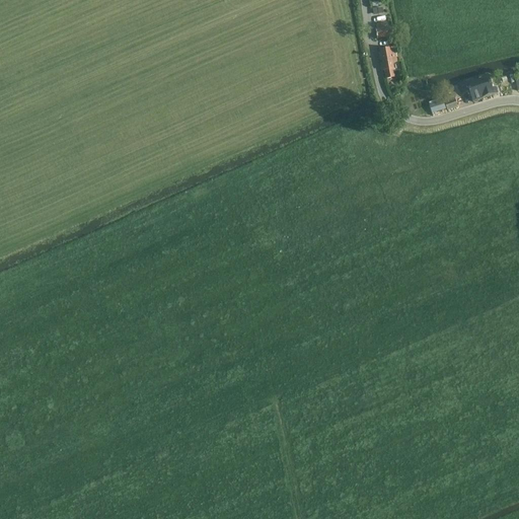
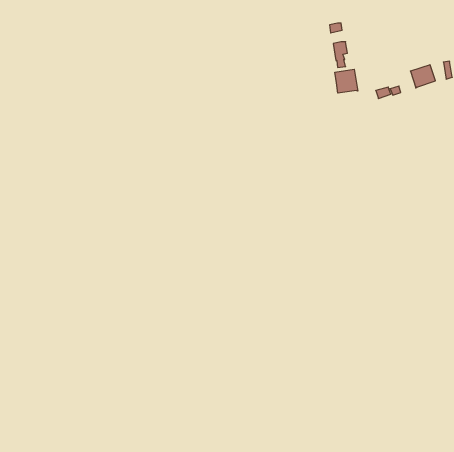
building: none -> [335,69,358,93]

